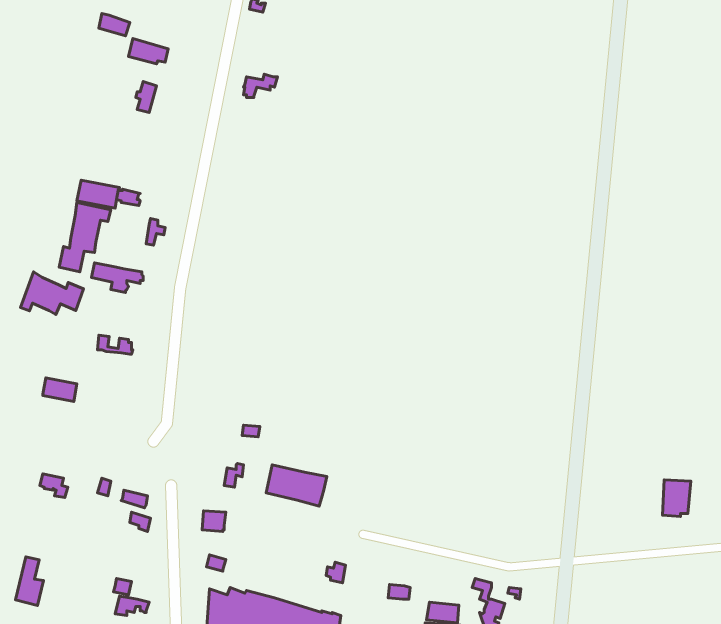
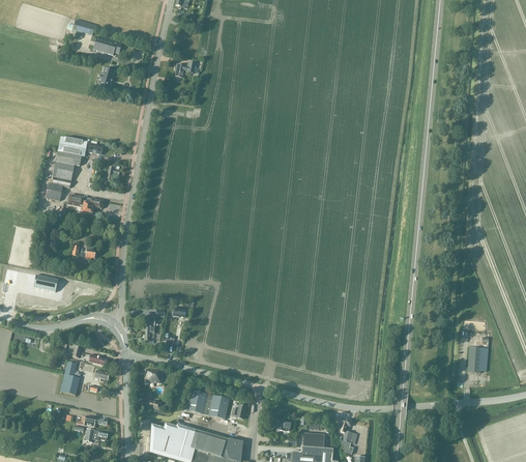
building: [21,272,84,314] -> none
building: [266,465,327,506] -> [186,389,229,418]
building: [15,557,43,606] -> [60,360,80,395]

